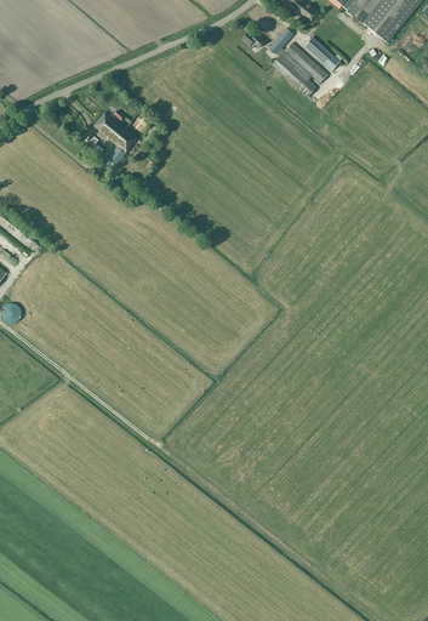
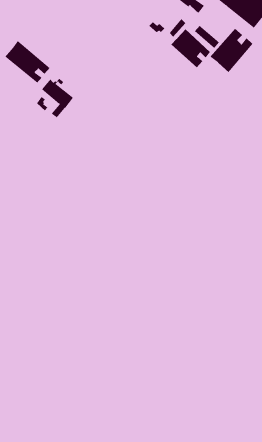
building: none -> [210,28,253,73]
building: none -> [5,40,51,83]

